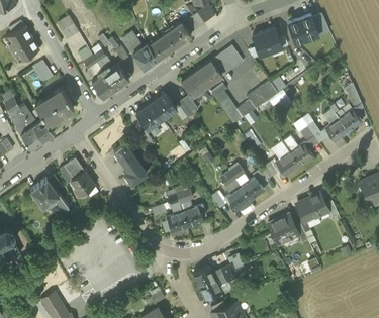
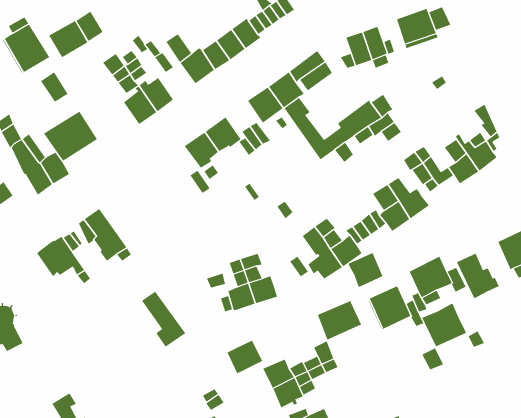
building: none -> [47,20,88,58]
building: [114,144,147,185] -> [141,291,186,347]
building: none -> [348,252,383,288]
building: none -> [456,253,500,299]
building: none -> [317,300,362,340]
building: none -> [421,303,467,347]
building: none -> [226,340,263,375]

